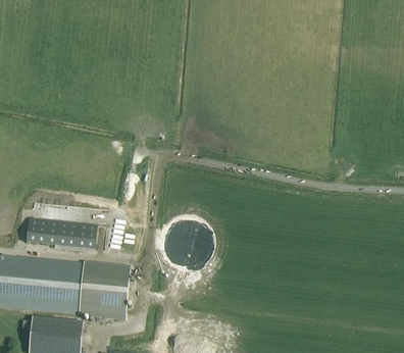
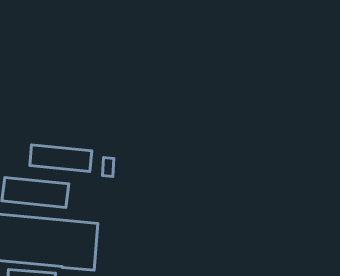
building: none -> [30,145,92,172]

